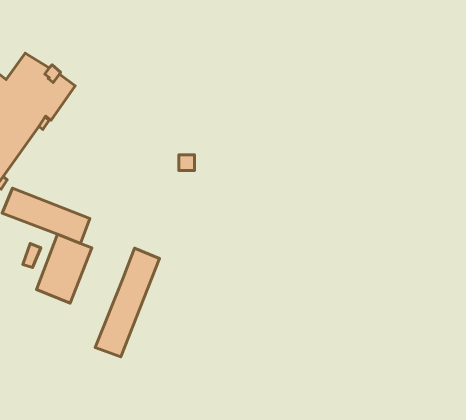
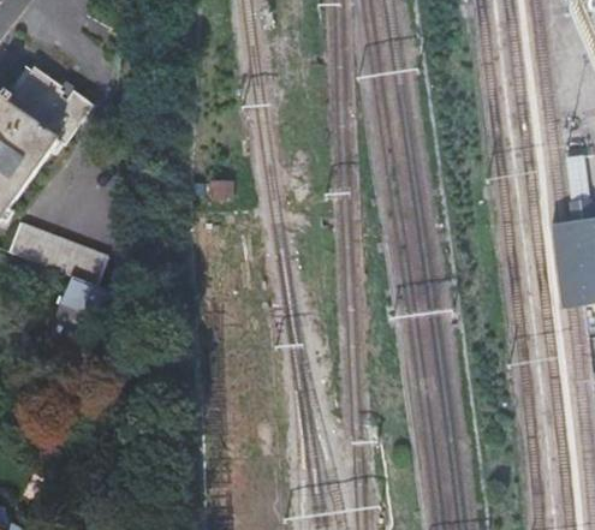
building: [95,248,159,357] -> none

